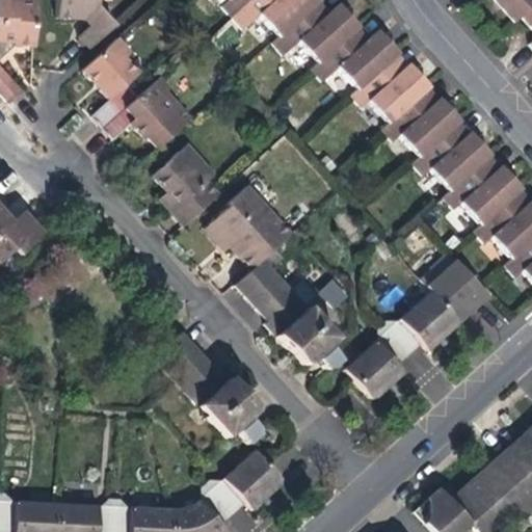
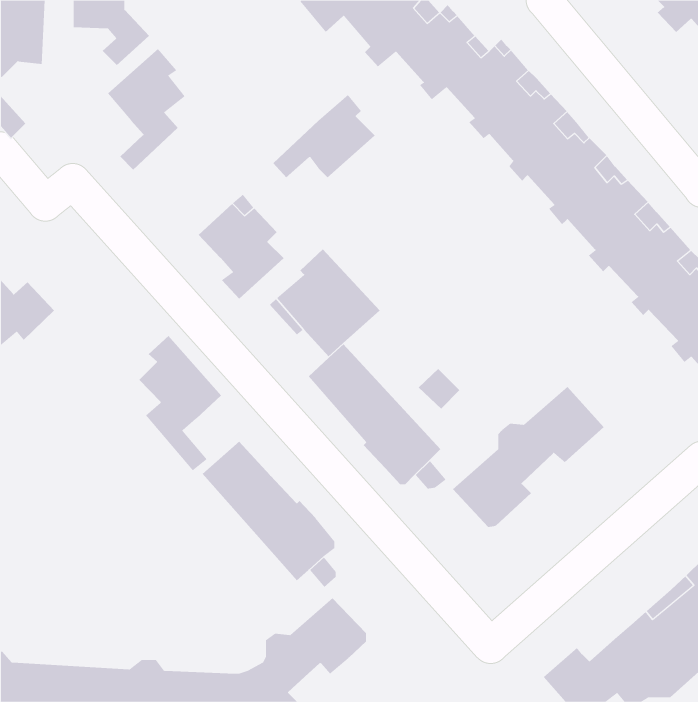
building: [104,77,182,140] -> [272,94,376,178]
building: [422,254,485,323] -> none
building: none -> [139,335,222,471]

